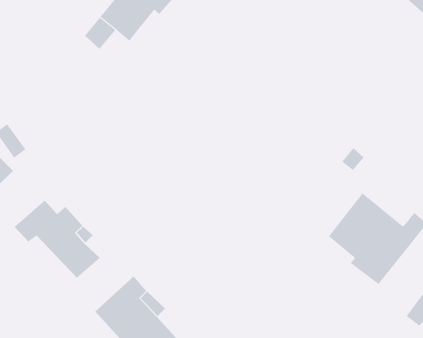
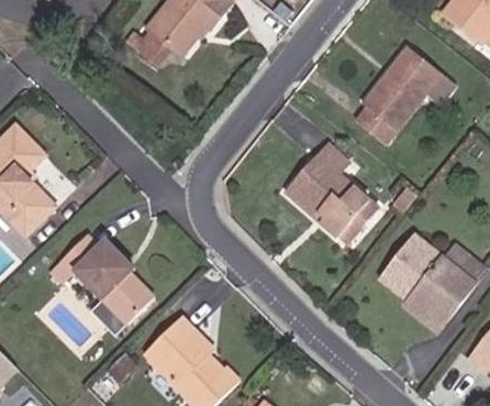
building: none -> [367,41,449,134]
building: none -> [283,139,382,231]

